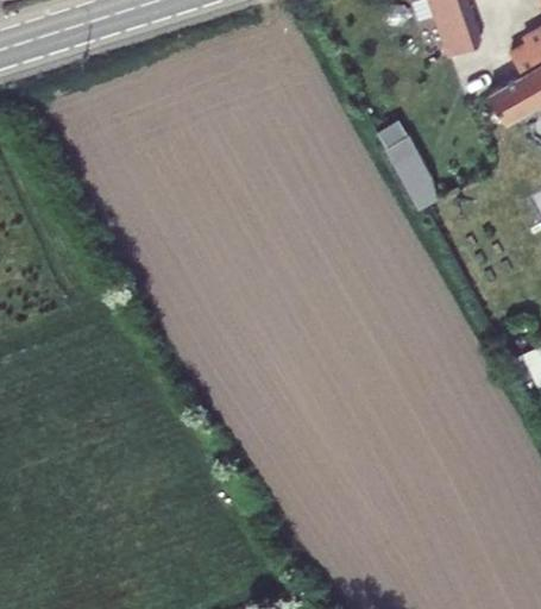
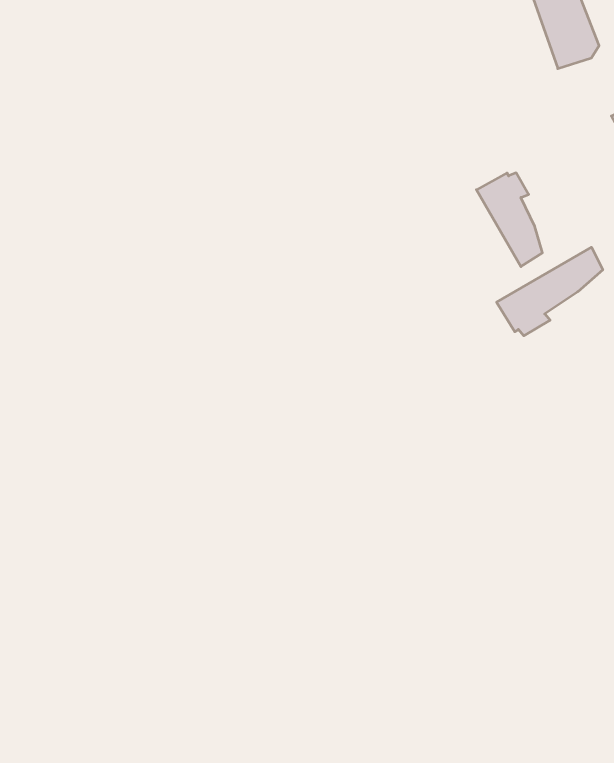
building: none -> [497,247,603,336]

